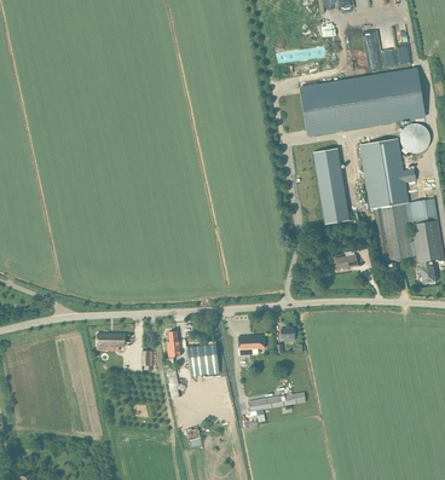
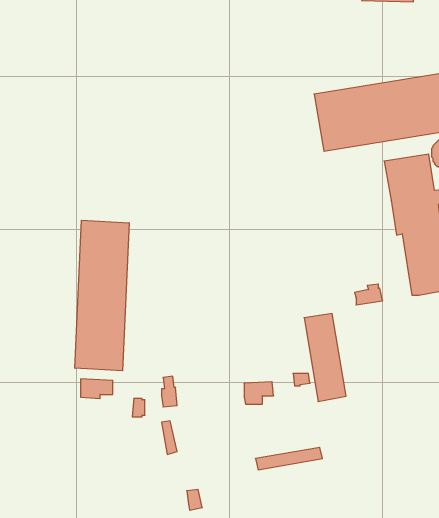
building: [313,148,349,224] -> [304,314,346,402]
building: none -> [75,220,129,371]
building: [187,345,219,375] -> none

